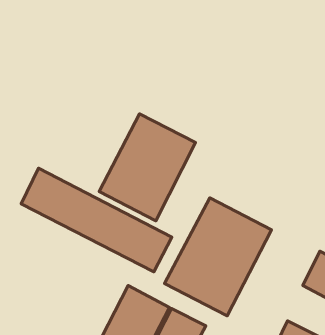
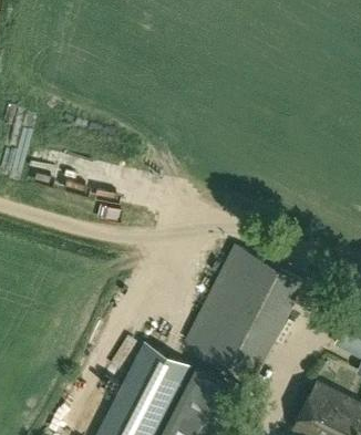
building: [99,114,195,221] -> none
building: [21,168,172,272] -> none

